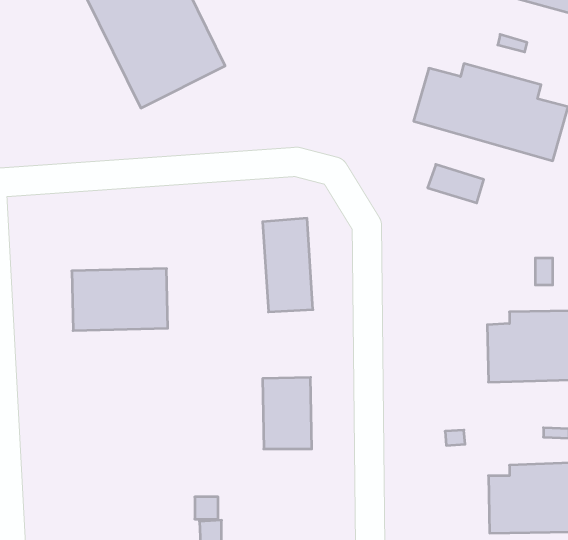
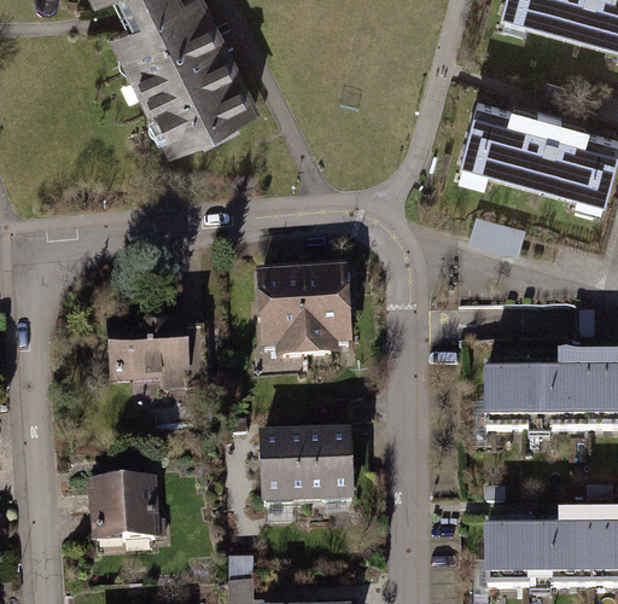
building: none -> [252,265,307,361]
building: none -> [483,371,534,430]
building: none -> [256,426,302,500]
building: none -> [89,474,157,546]
building: none -> [484,527,535,587]

